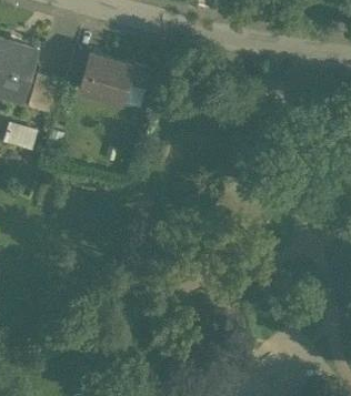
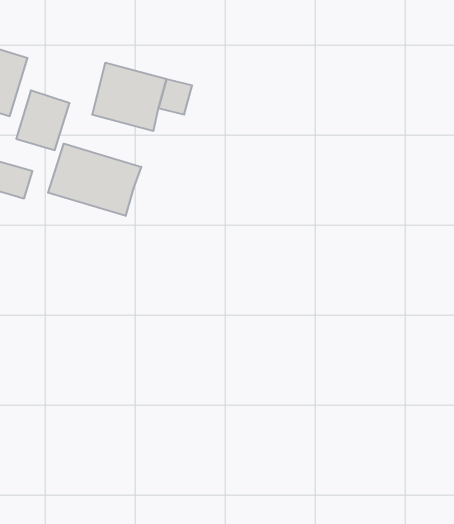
building: none -> [48,144,141,216]

